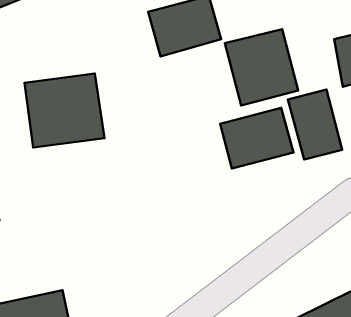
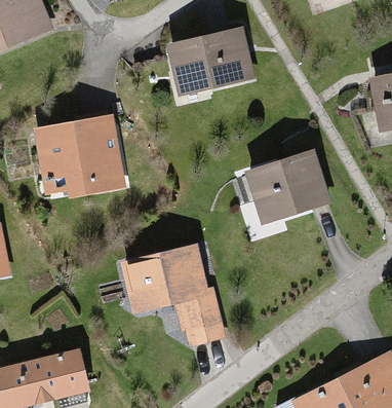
building: [225,29,298,106] -> none
building: [288,89,342,159] -> none
building: none -> [123,248,222,342]

